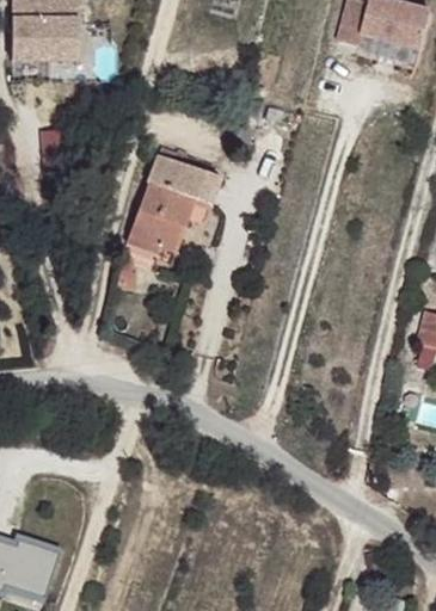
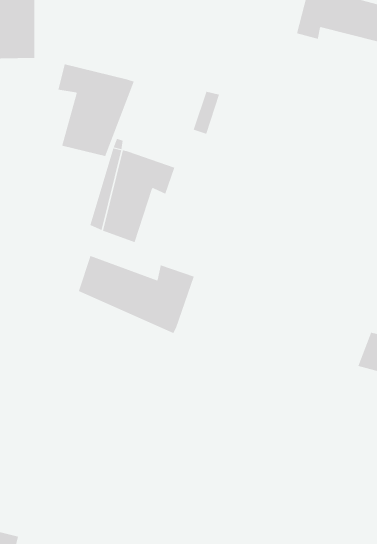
building: none -> [58,63,134,157]
building: none -> [78,255,194,334]

